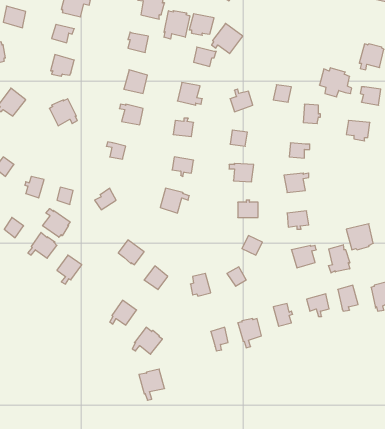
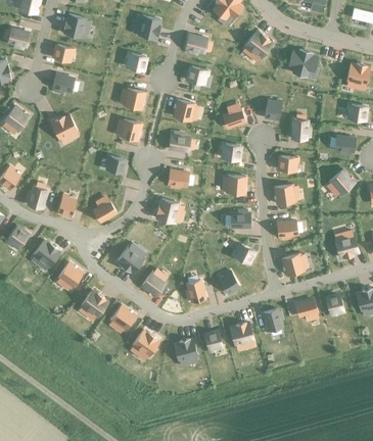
building: [164,11,190,39] -> none
building: [212,23,243,54] -> [242,30,272,58]
building: [319,68,352,97] -> [288,48,319,76]
building: none -> [327,167,355,194]
building: [43,209,70,237] -> none
building: [328,245,350,273] -> none
building: none -> [78,291,106,316]
building: [139,369,165,400] -> [173,338,197,368]

